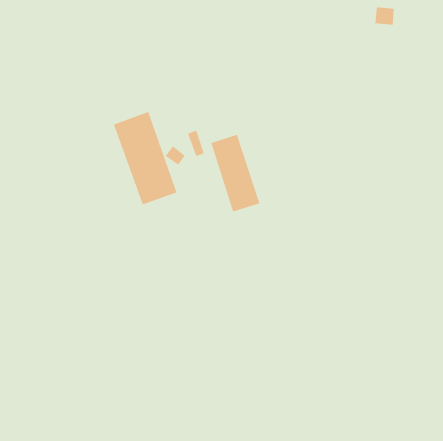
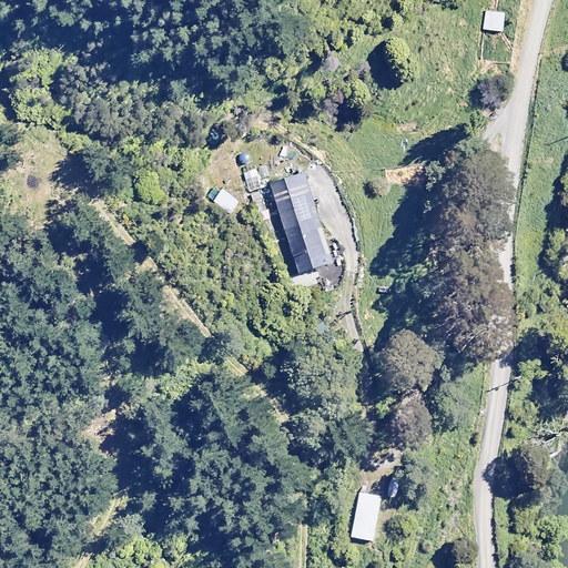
building: [113,111,177,205] -> none
building: none -> [348,490,381,539]

